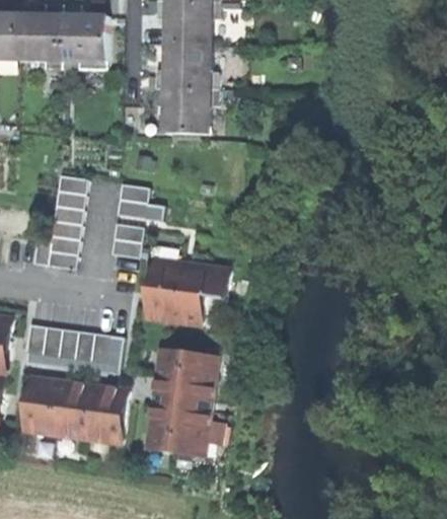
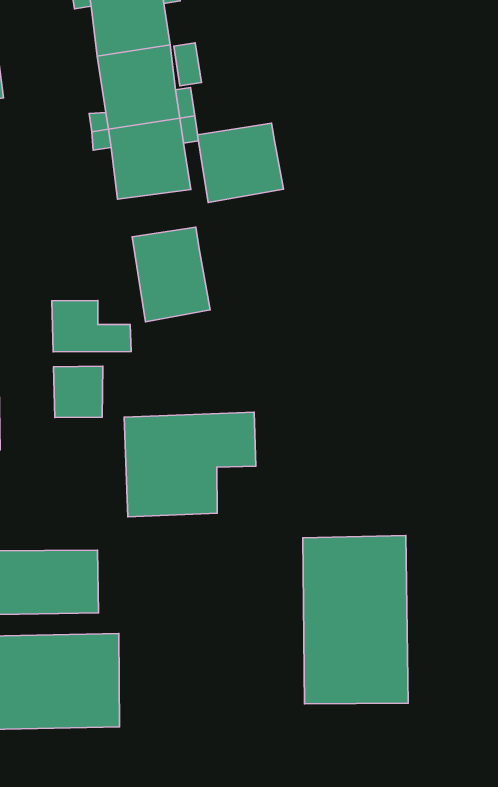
building: none -> [198,123,284,203]
building: none -> [132,227,210,322]
building: [142,349,218,457] -> [303,535,408,704]

